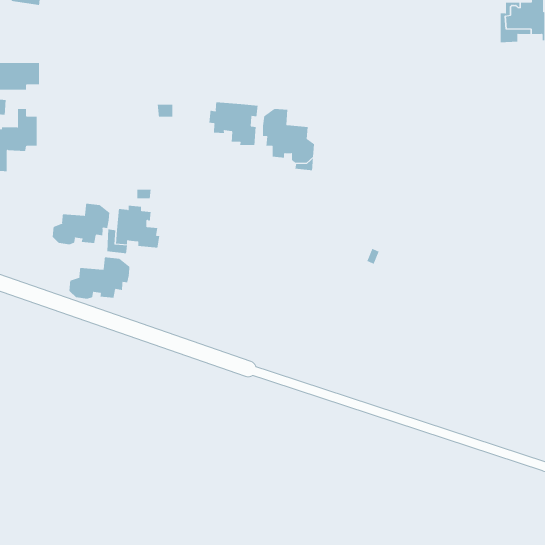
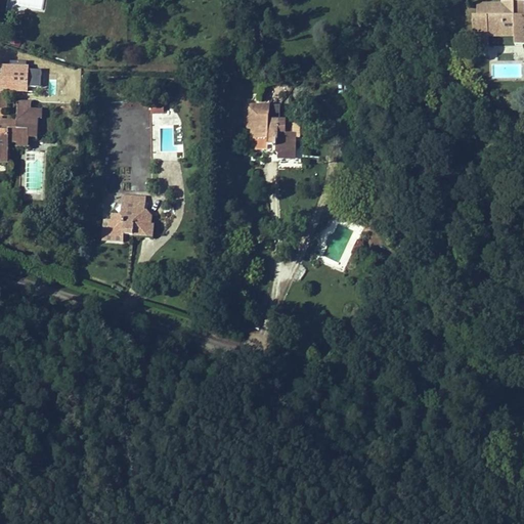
building: [209,102,258,146] -> none
building: [52,203,110,245] -> none
building: [69,256,130,300] -> none

